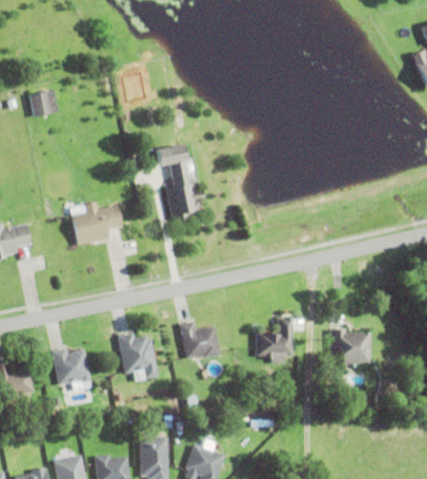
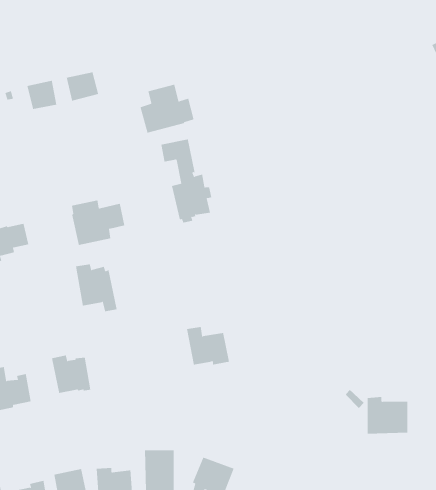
building: none -> [66,72,99,102]
building: none -> [140,84,194,133]
building: [256,318,293,359] -> none
building: [331,328,369,364] -> [367,397,408,434]
building: [119,334,159,379] -> [75,264,118,312]

